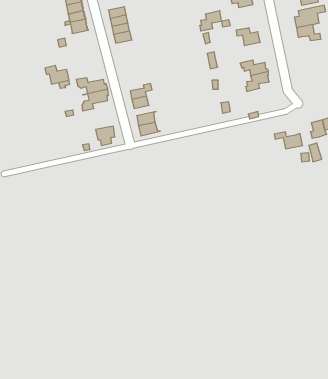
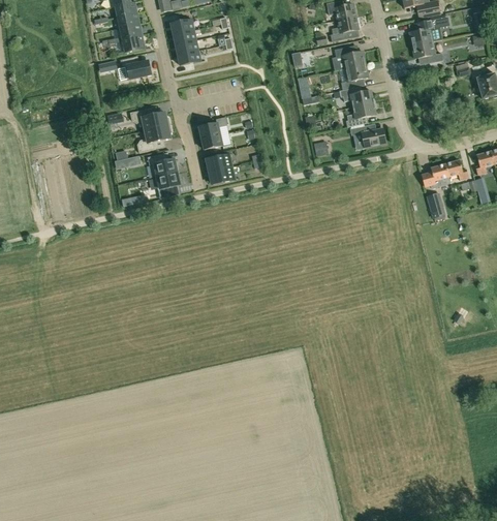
building: [200,11,222,31] -> [330,16,358,41]
building: none -> [341,64,368,90]
building: [45,66,69,84] -> [119,56,150,80]
building: none -> [147,153,177,176]
building: [274,132,303,149] -> [349,125,385,147]

